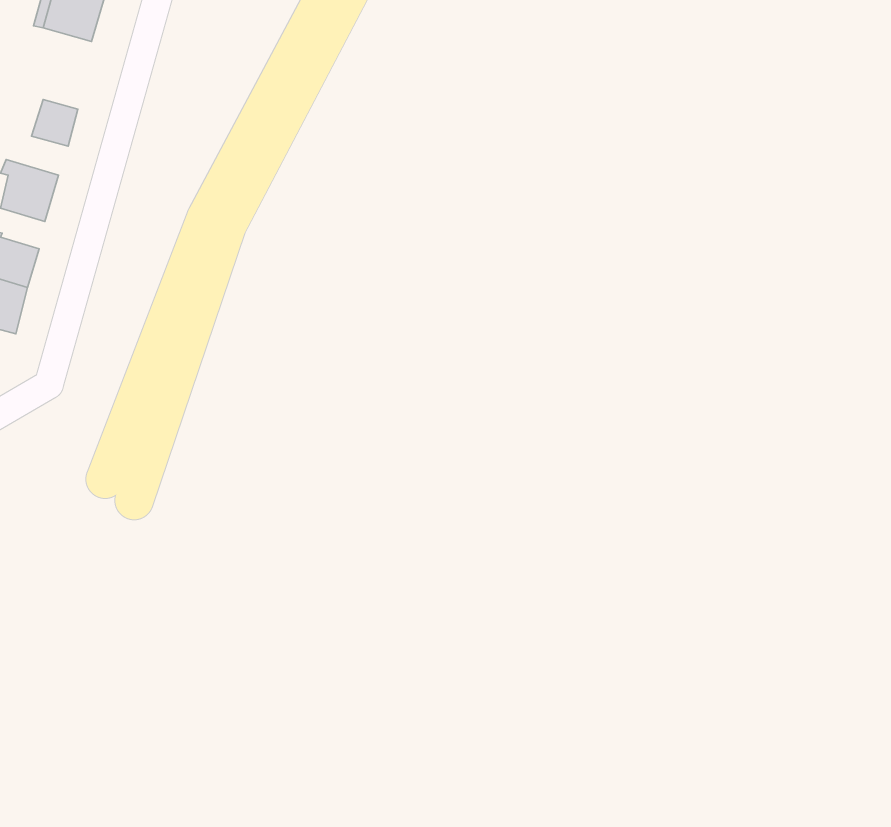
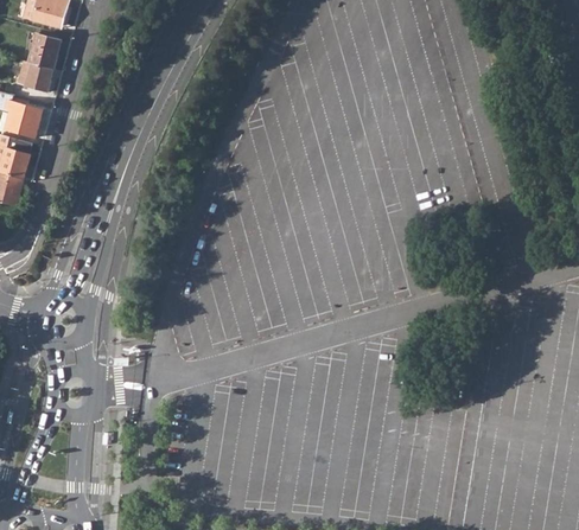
building: none -> [27,33,61,69]

